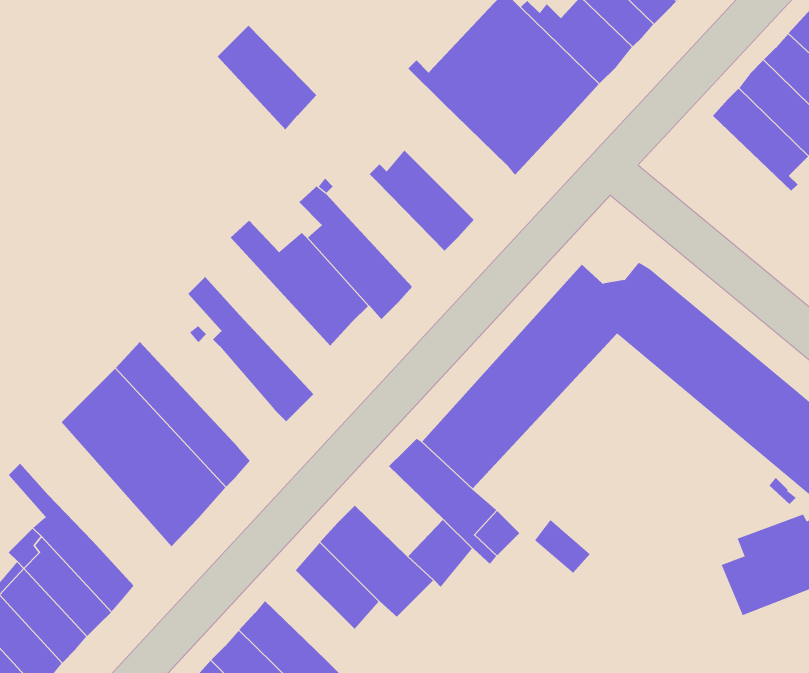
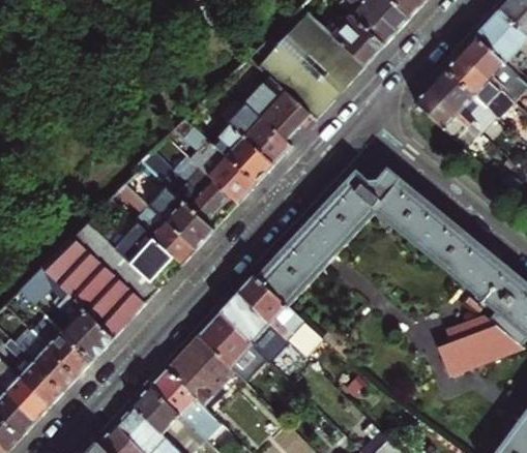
building: [217,25,317,130] -> [213,123,272,185]
building: none -> [246,78,309,140]
building: none -> [415,85,476,140]
building: none -> [140,156,212,248]
building: none -> [93,214,172,279]
building: none -> [23,265,112,361]
building: none -> [219,291,271,343]
building: none -> [167,352,219,404]

